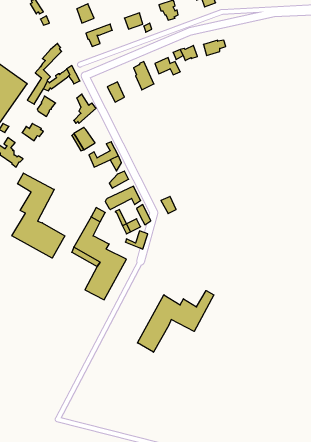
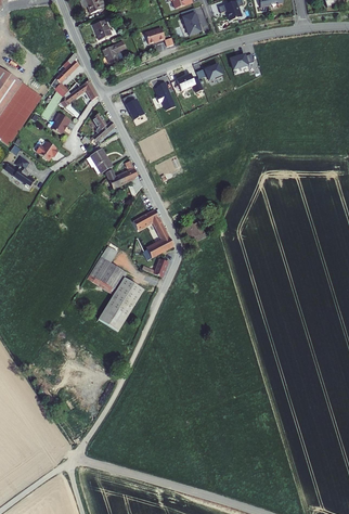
building: [12,173,65,258] -> none
building: [137,291,214,352] -> none

